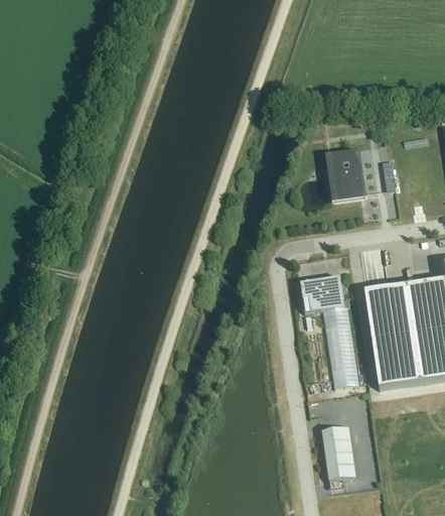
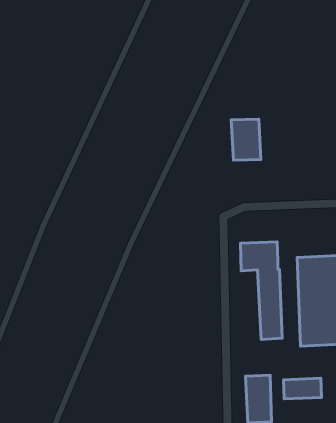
building: [328,147,365,196] -> [231,119,261,160]
building: none -> [284,378,322,399]

